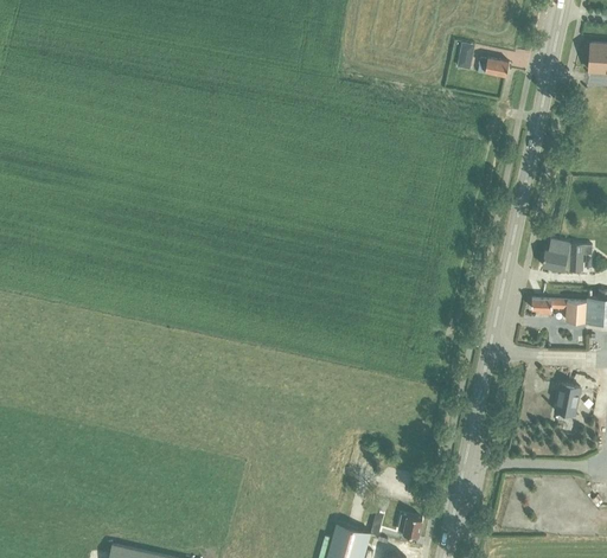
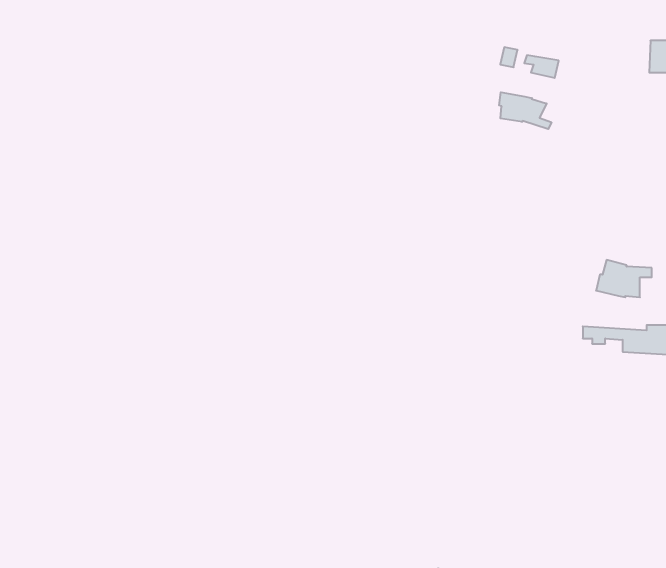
building: none -> [499,92,551,129]
building: [552,383,579,416] -> none

